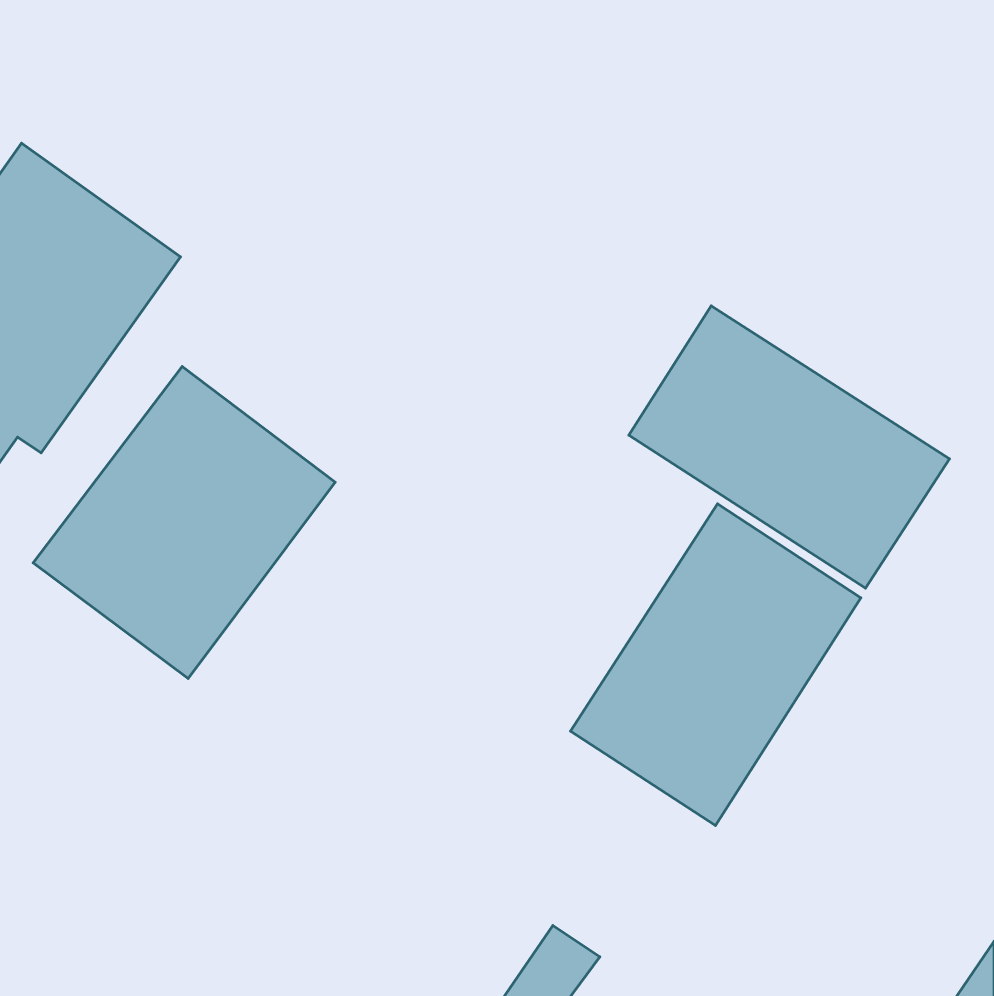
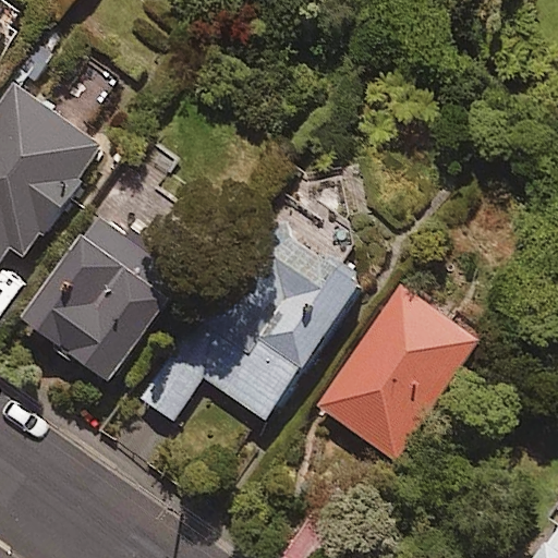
building: [629,306,950,588] -> none
building: none -> [145,225,369,429]

